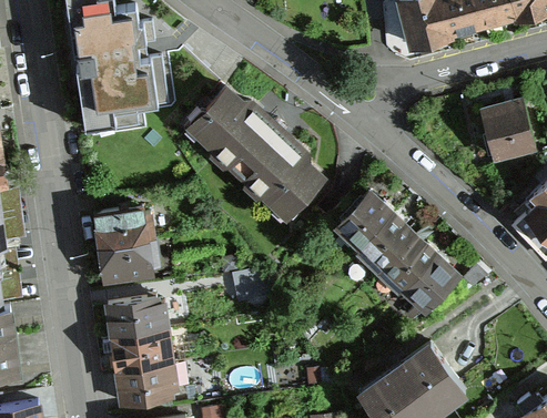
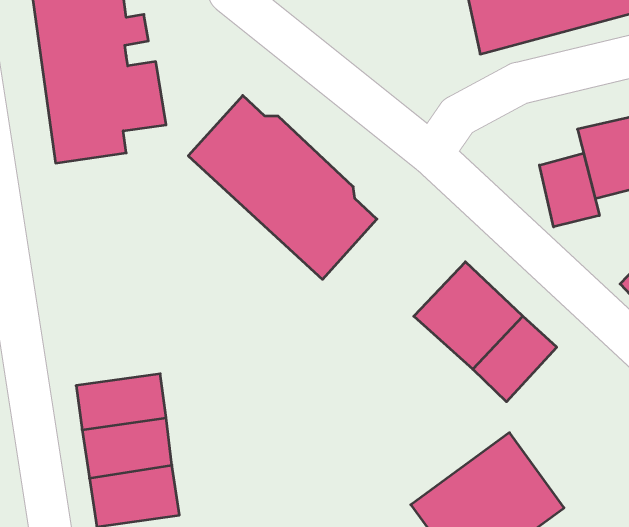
building: none -> [539,153,599,227]
building: [332,188,395,253] -> none
building: [92,217,158,285] -> none

